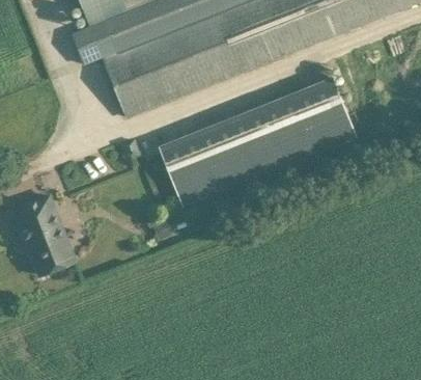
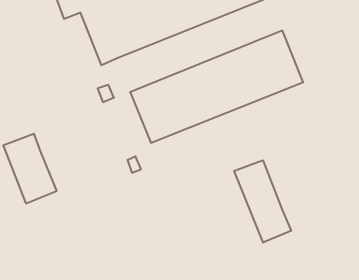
building: none -> [234,160,291,243]

